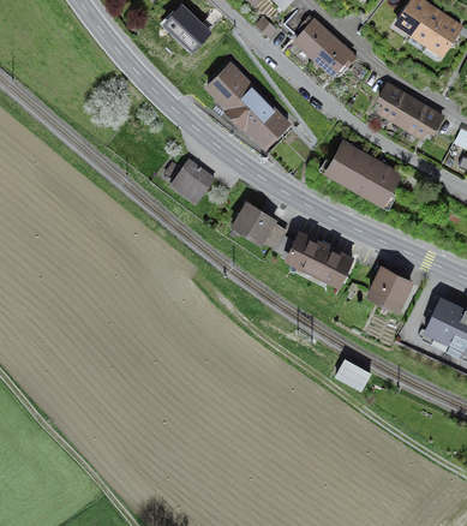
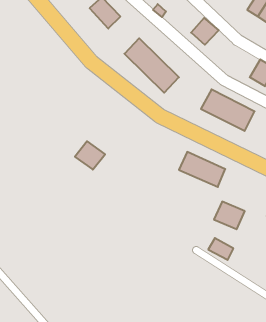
building: [292,19,330,59] -> none
building: [377,83,413,125] -> none
building: [173,162,217,204] -> [75,141,105,170]
building: [238,203,283,246] -> none
building: [367,268,413,309] -> [214,202,245,229]

